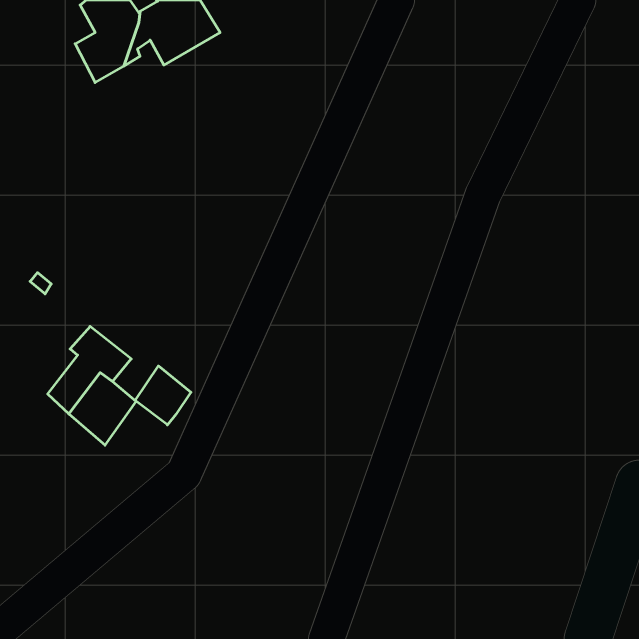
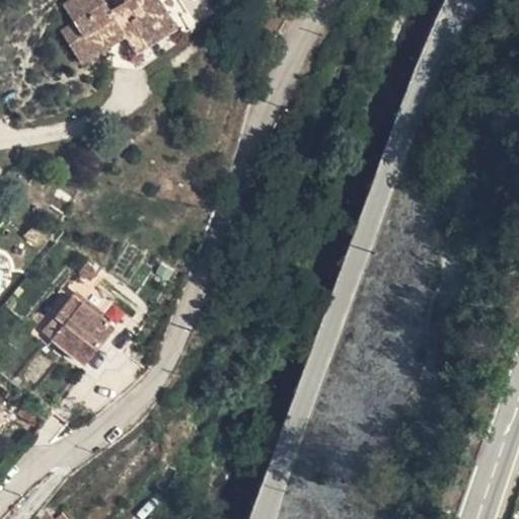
building: [135,366,191,425] -> none

